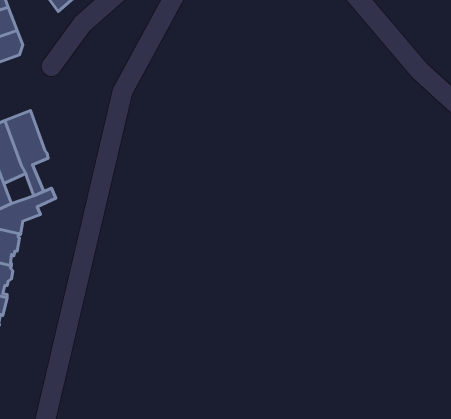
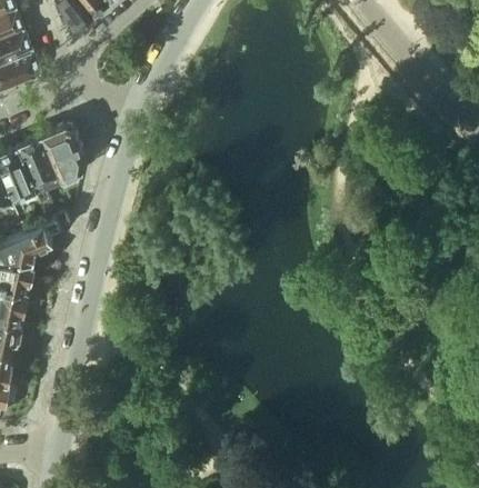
building: none -> [43,129,83,181]

